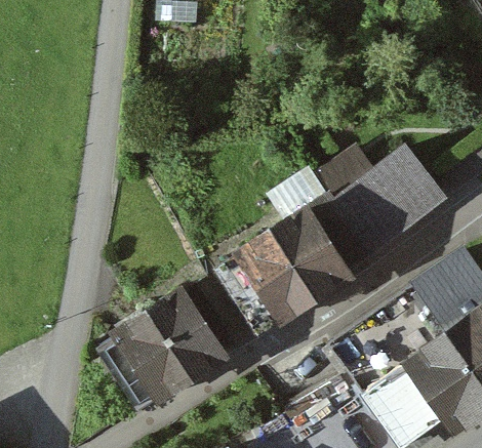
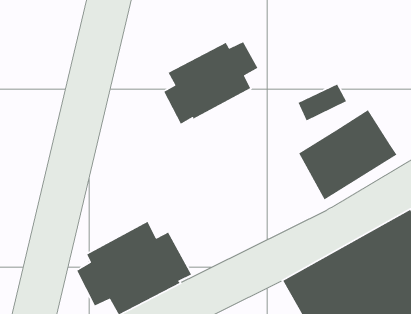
building: none -> [163,41,259,125]
building: [225,197,373,332] -> none

